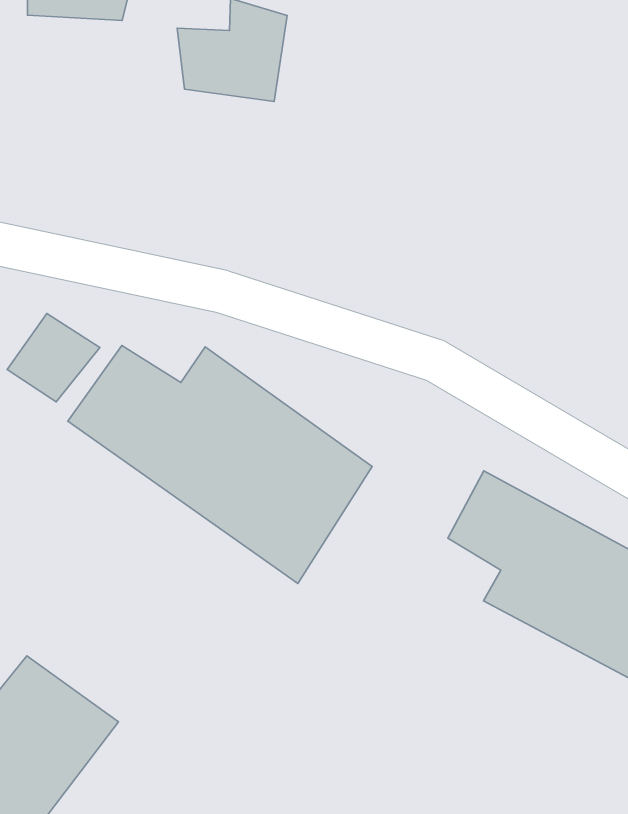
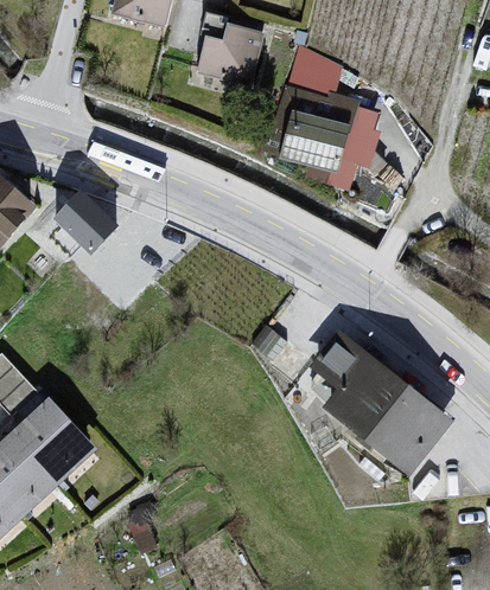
building: none -> [275,52,373,192]
building: [68,345,372,584] -> none

